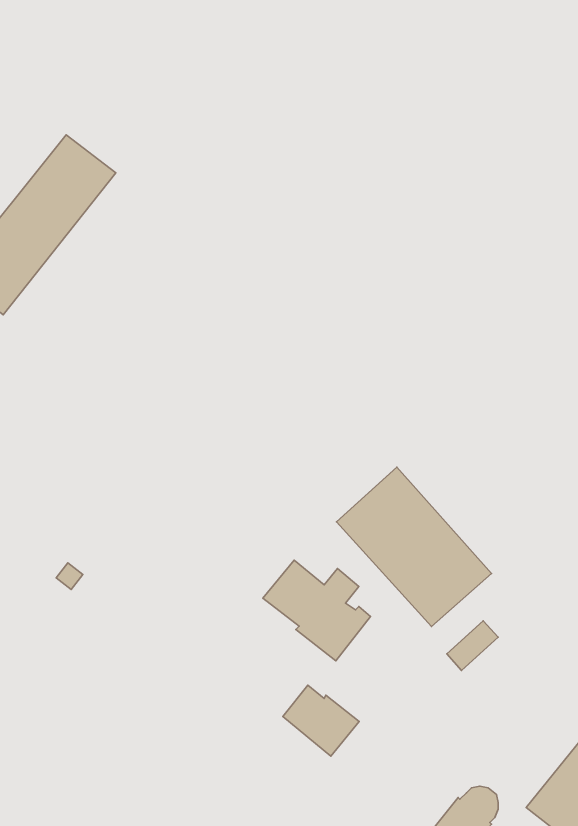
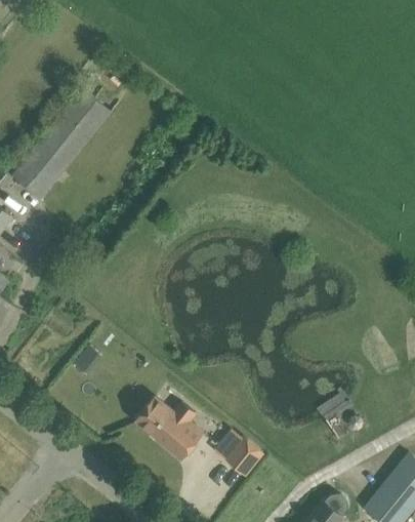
building: [336,467,492,627] -> none
building: [263,560,370,661] -> [135,397,202,459]

